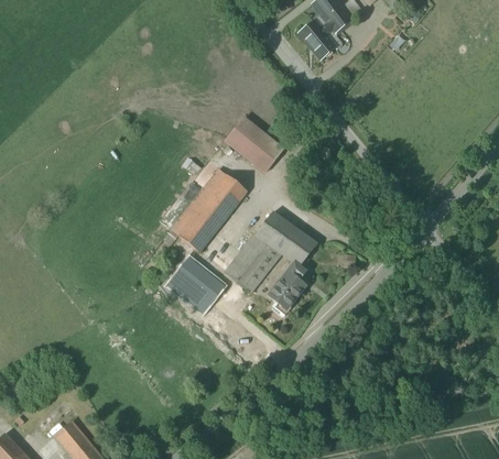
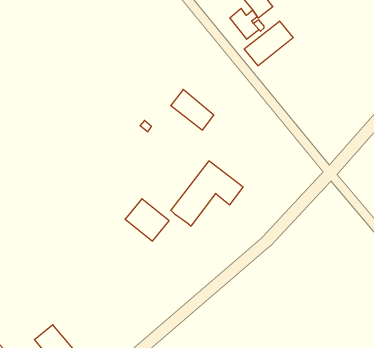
building: none -> [244,21,293,66]
building: [171,167,247,250] -> none
building: [267,261,305,308] -> none

